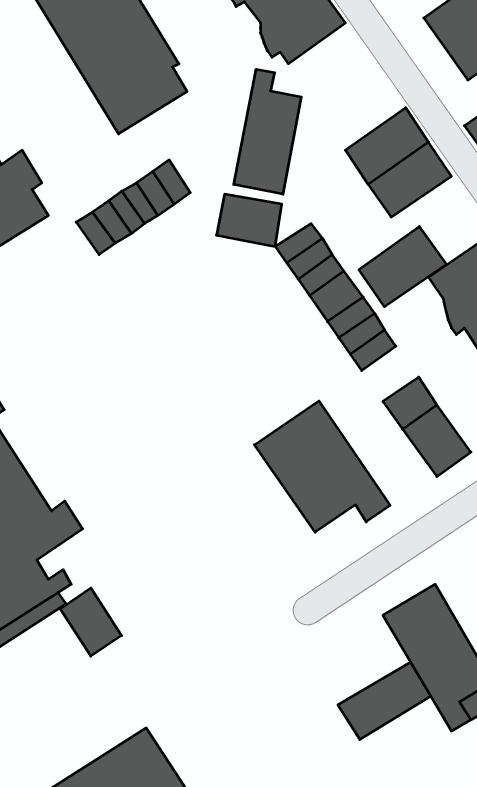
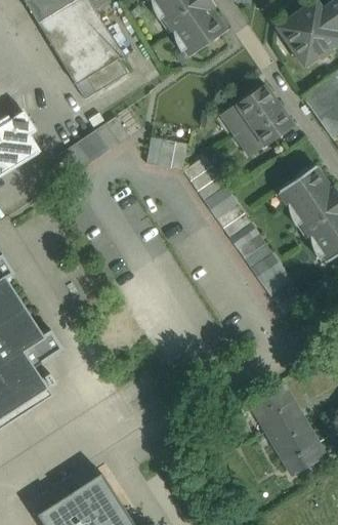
building: [234,69,301,194] -> none
building: [359,226,447,307] -> none
building: none -> [237,234,272,269]
building: [254,401,390,532] -> none
building: [60,588,122,656] -> none
building: [338,662,431,740] -> none

